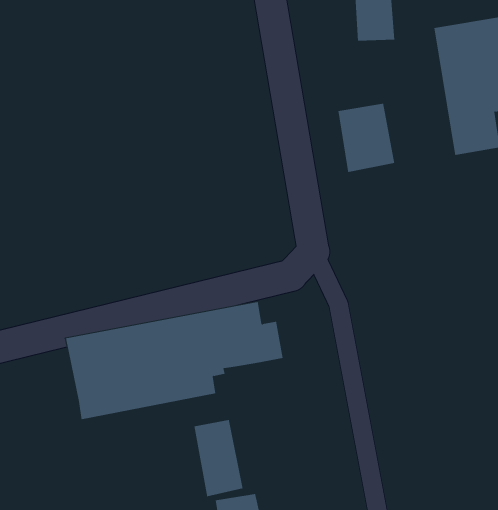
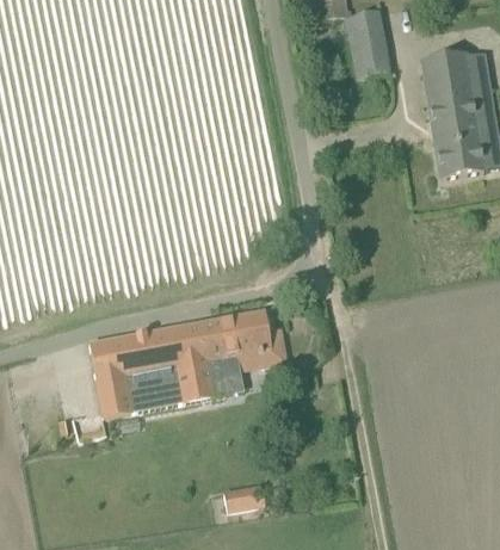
building: [338,103,395,173] -> none
building: [194,419,243,497] -> none

